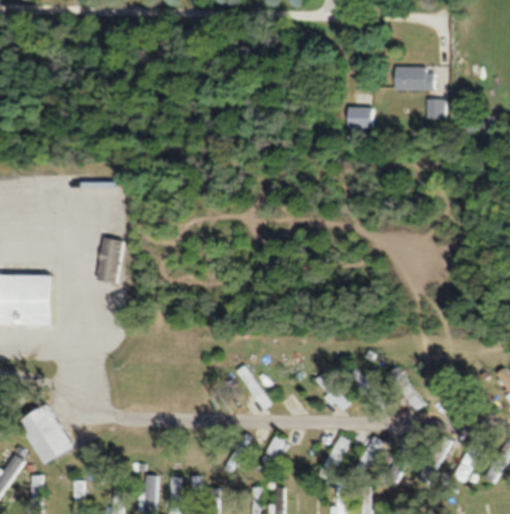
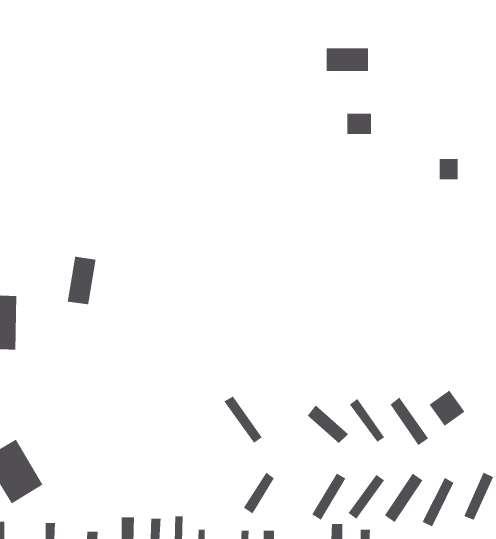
building: [396,68,435,90] -> [326,47,369,72]
building: [428,99,446,119] -> [439,158,459,180]
building: none -> [429,390,465,427]

